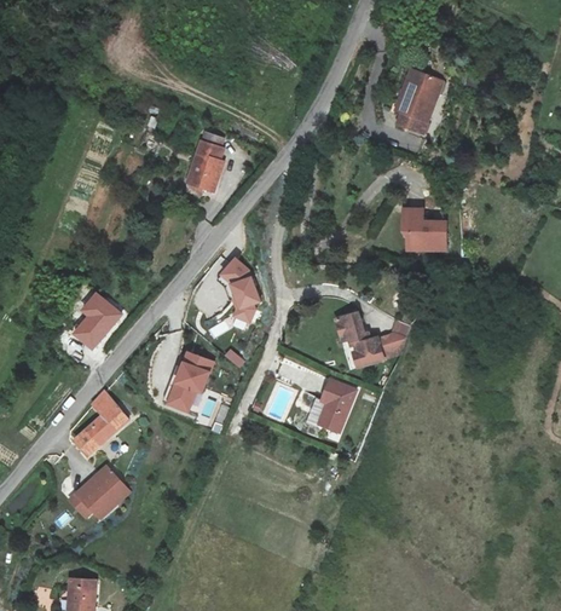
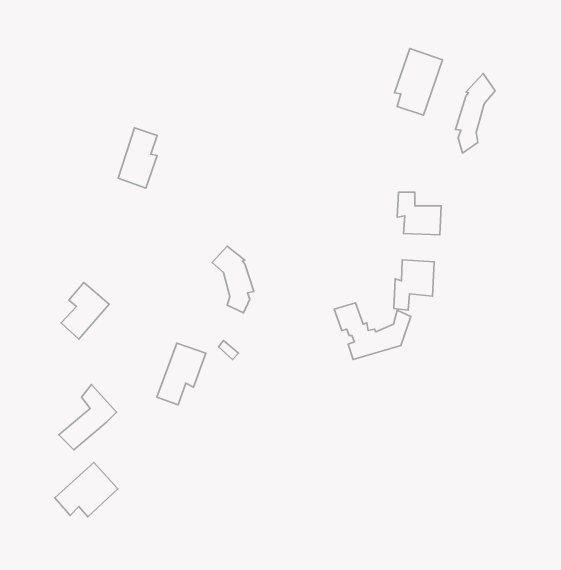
building: none -> [455,74,495,153]
building: [186,133,224,191] -> [118,128,157,188]
building: none -> [394,260,434,310]
building: [320,380,354,431] -> none

